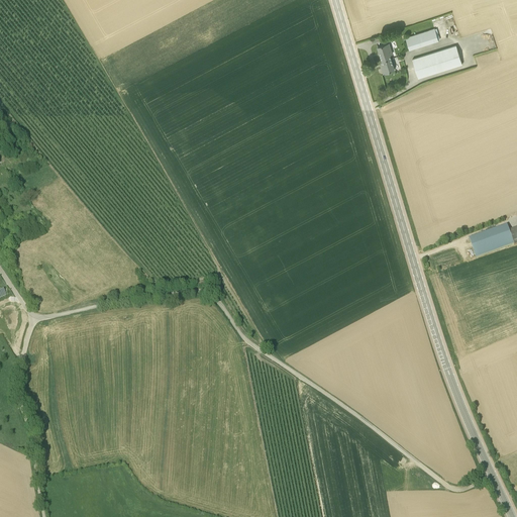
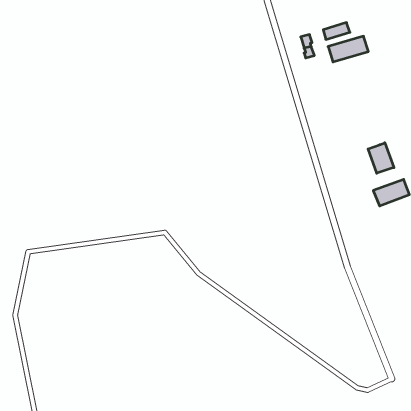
building: none -> [368,143,394,173]

